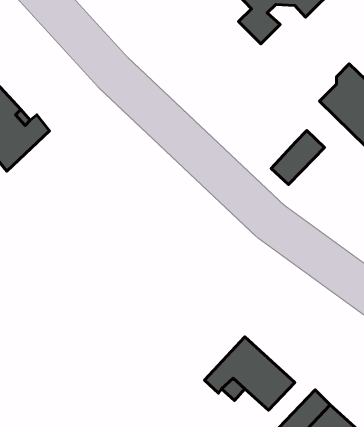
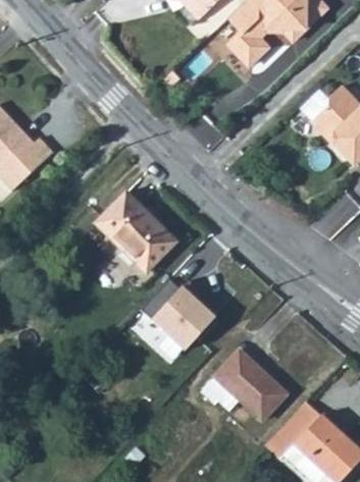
building: [271,130,325,184] -> none
building: none -> [94,190,175,269]
building: none -> [148,276,208,351]

